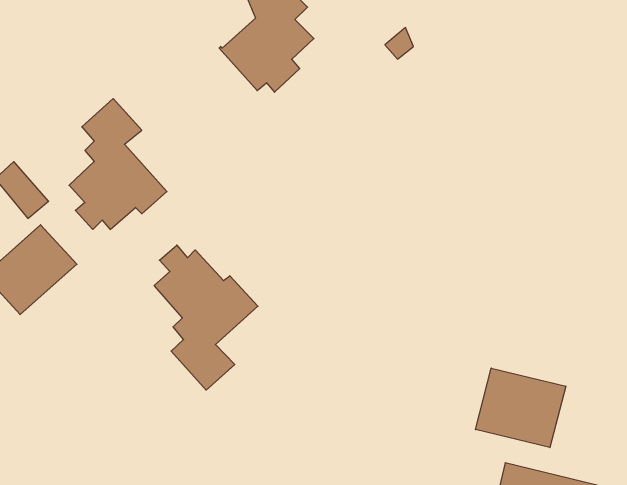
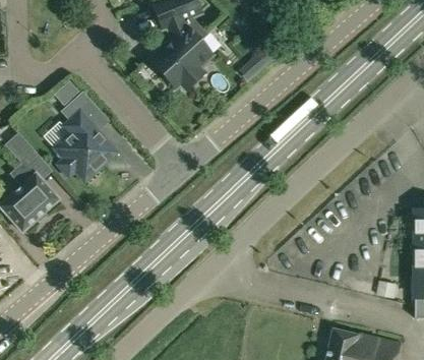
building: [154,245,258,390] -> none
building: [475,368,566,448] -> none

